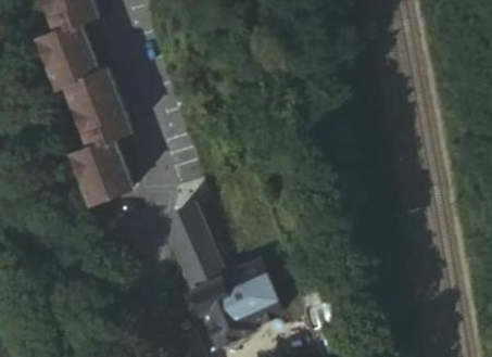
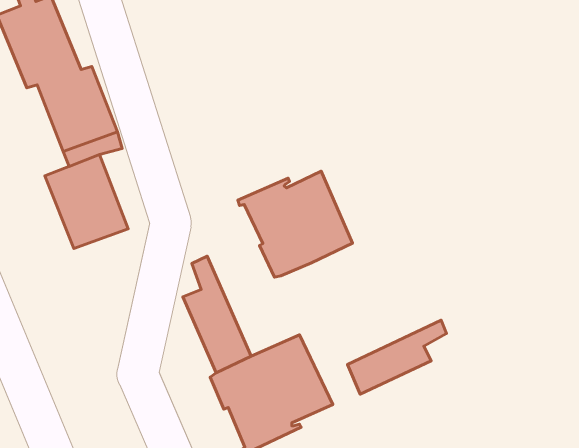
building: none -> [238,171,352,277]
building: none -> [347,320,446,394]

